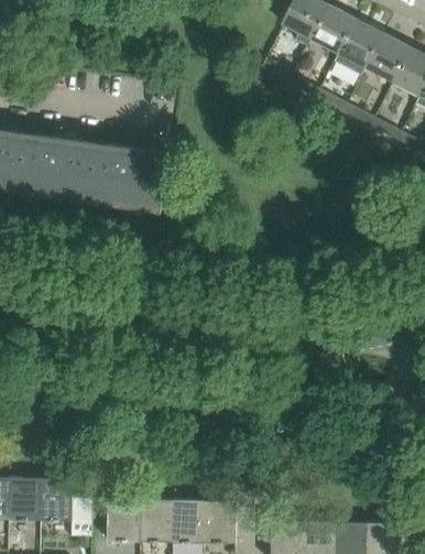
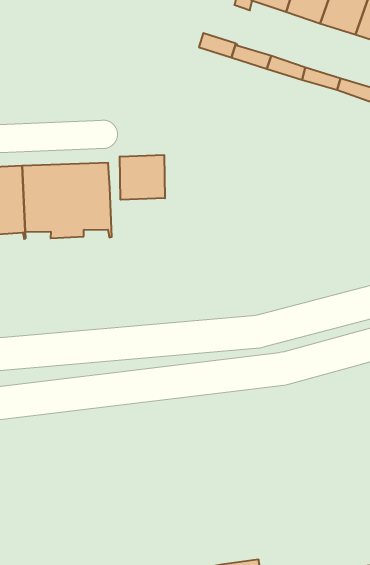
building: none -> [120,155,165,200]

